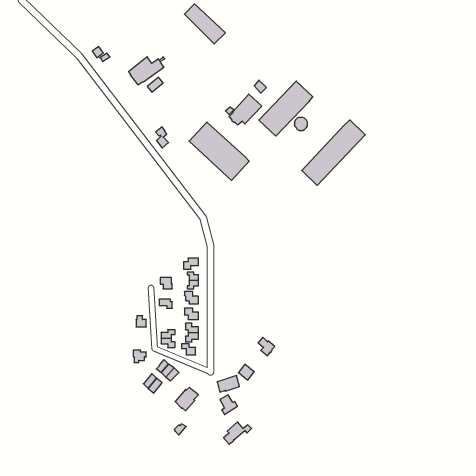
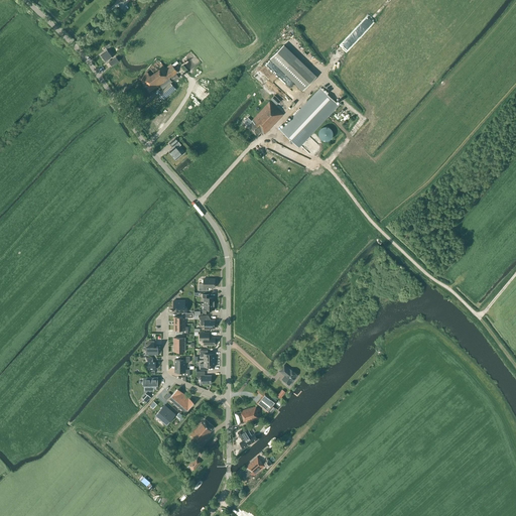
building: [184,4,225,44] -> [270,47,314,91]
building: [302,120,365,185] -> none
building: [189,122,249,180] -> none

